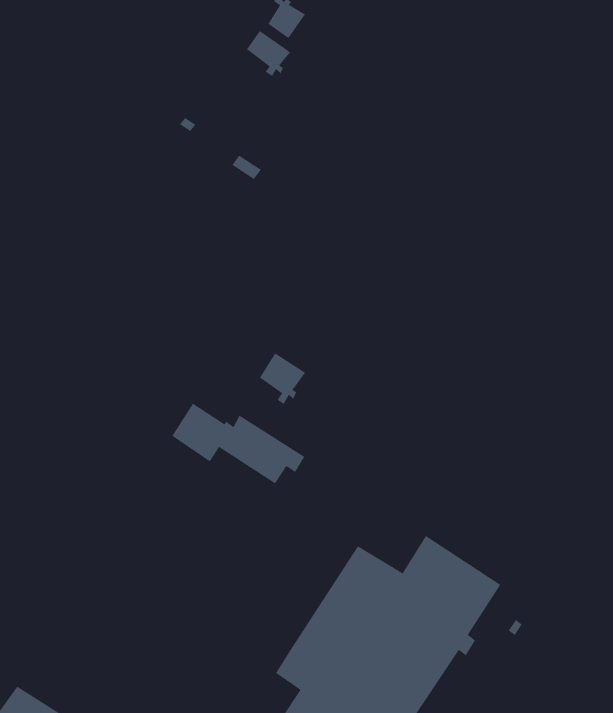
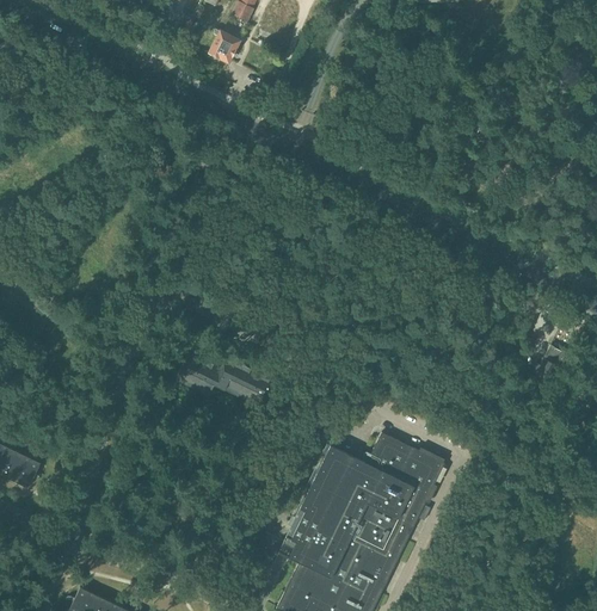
building: [246,30,291,77] -> none
building: [259,353,306,405] -> none

